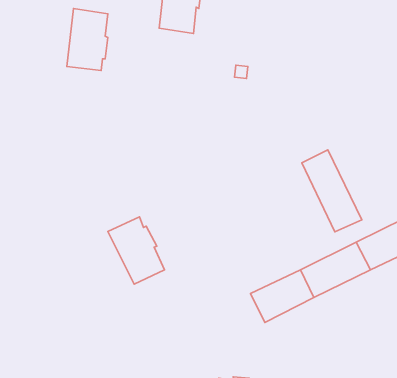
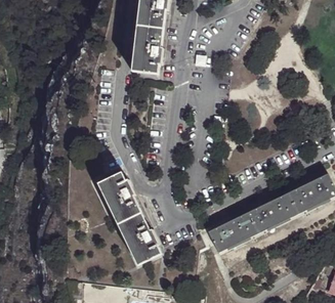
building: [67,9,108,71] -> [131,26,163,74]
building: [302,150,362,232] -> none
building: none -> [117,213,160,265]

